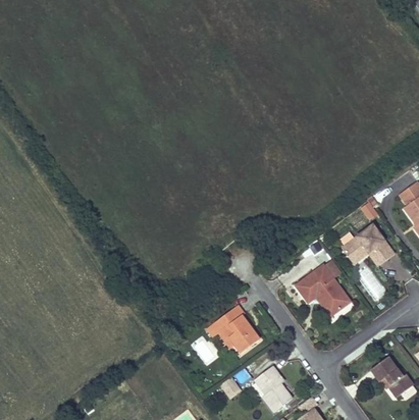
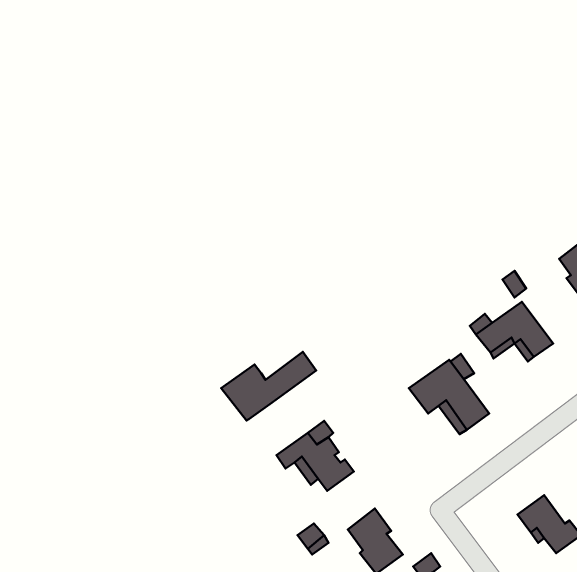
building: none -> [221,352,316,421]

